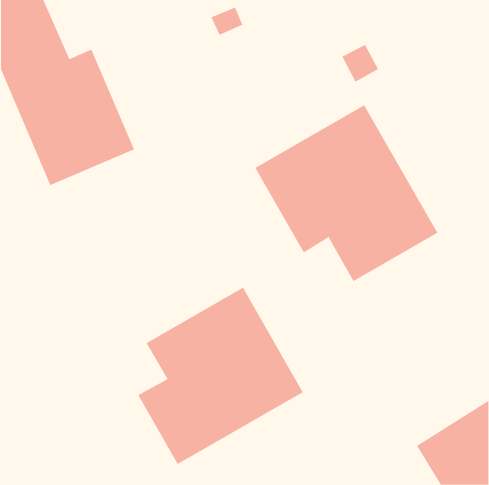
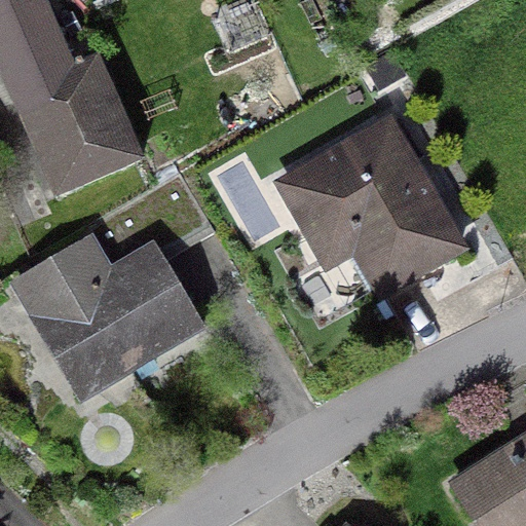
building: none -> [10,232,205,402]
building: [137,287,304,465] -> none

